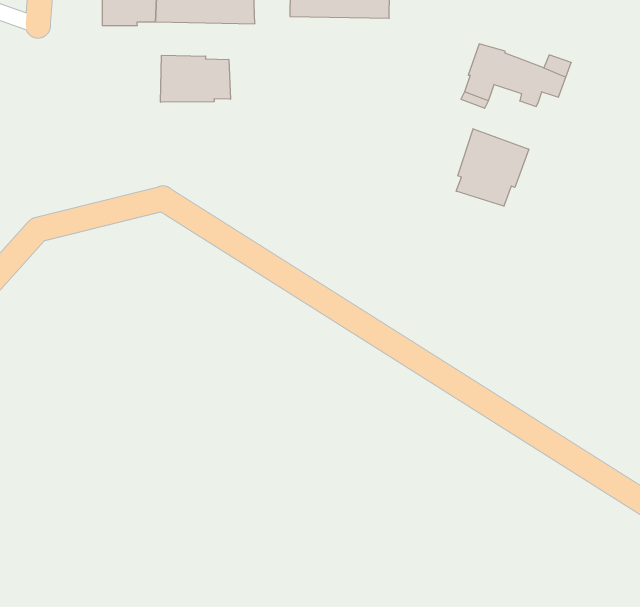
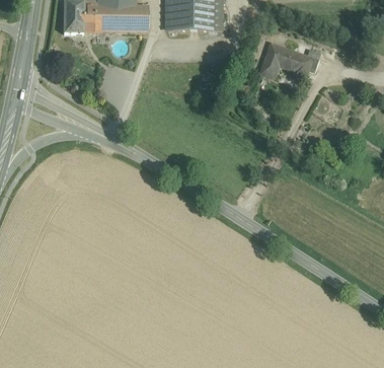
building: [161,55,230,102] -> none
building: [456,129,529,206] -> none

